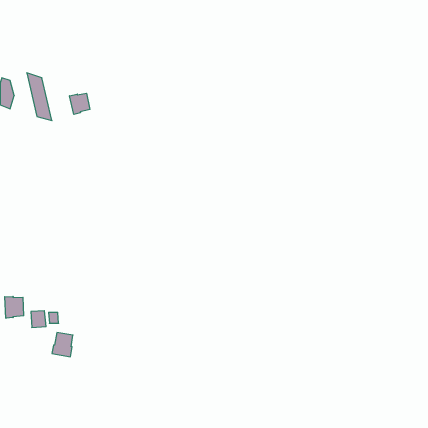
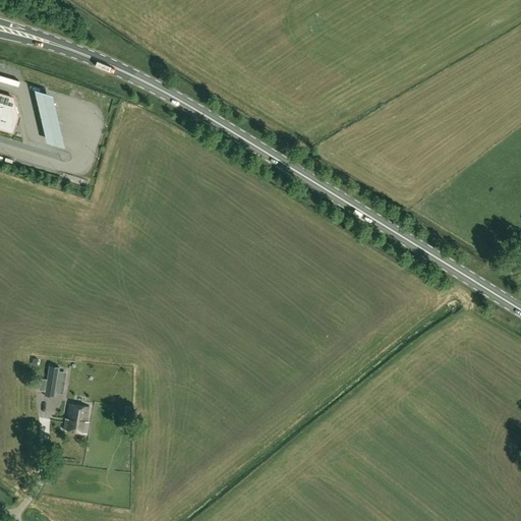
building: [70,93,90,114] -> none
building: [5,296,24,318] -> none

